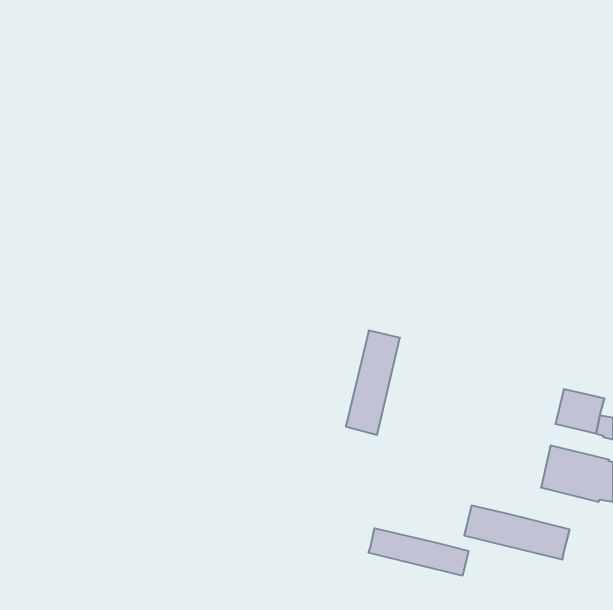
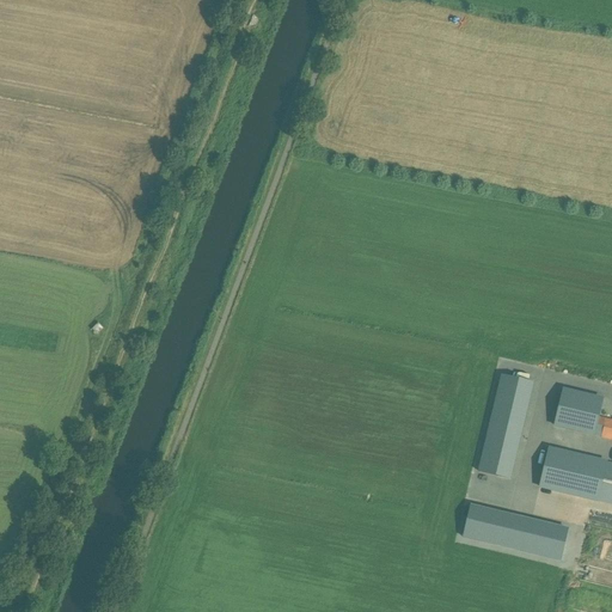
building: [346,331,400,435] -> [479,373,533,477]
building: [369,528,469,576] -> none

